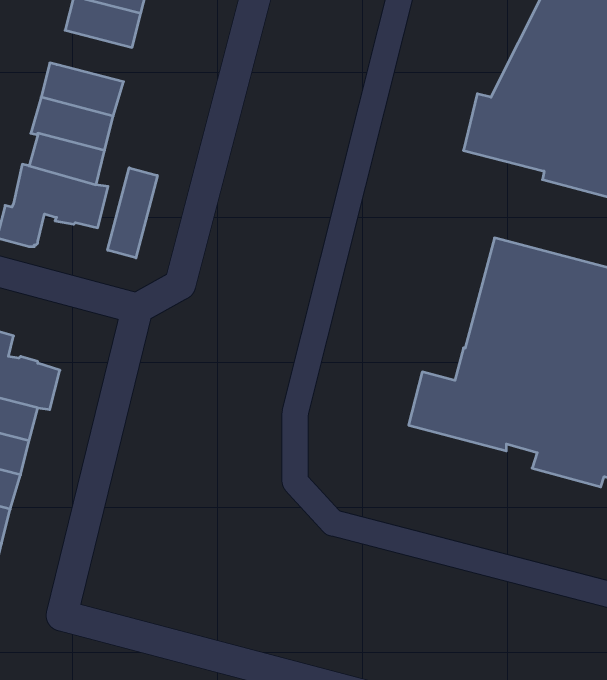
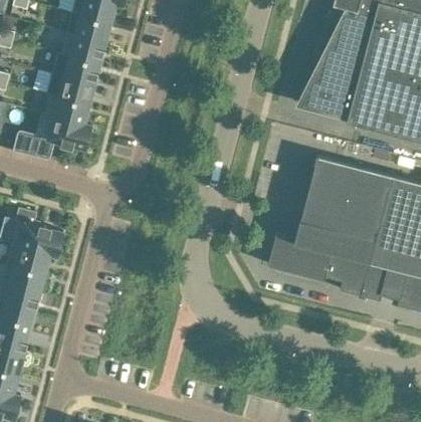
building: none -> [61,35,106,65]
building: [108,168,157,258] -> none

